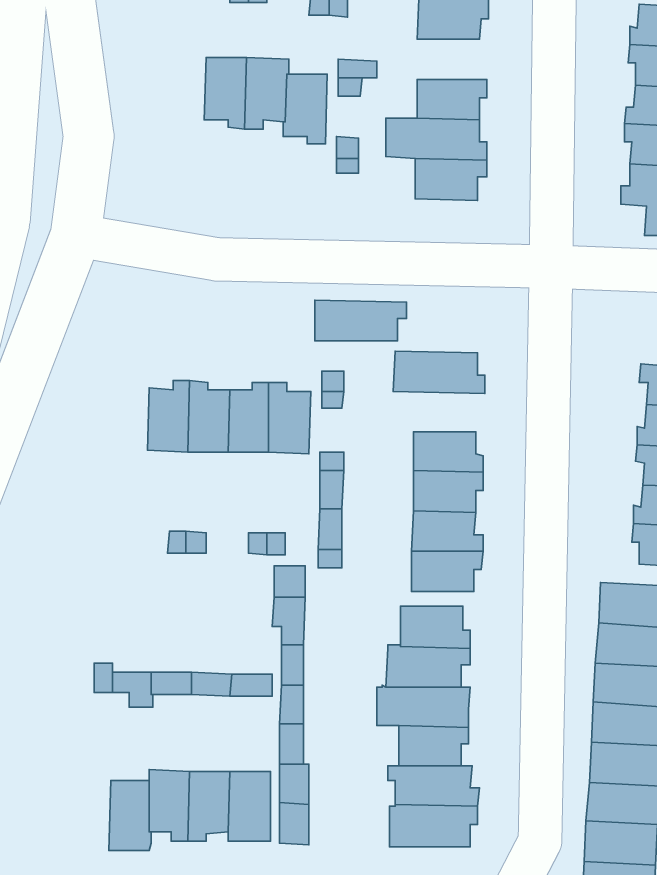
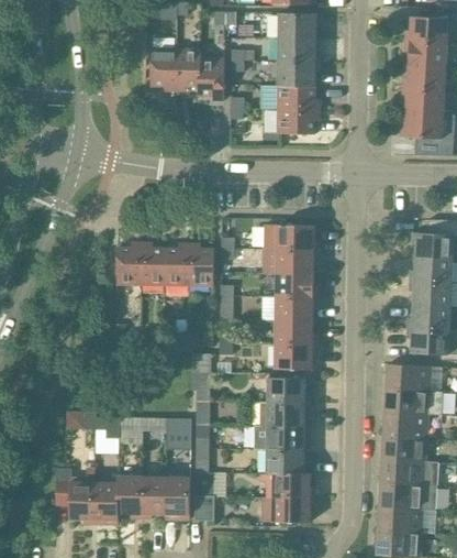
building: none -> [278,37,321,62]
building: [315,300,407,341] -> [264,249,319,273]
building: none -> [56,468,96,524]

